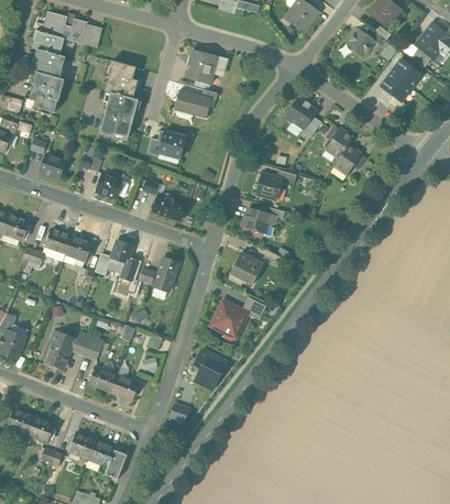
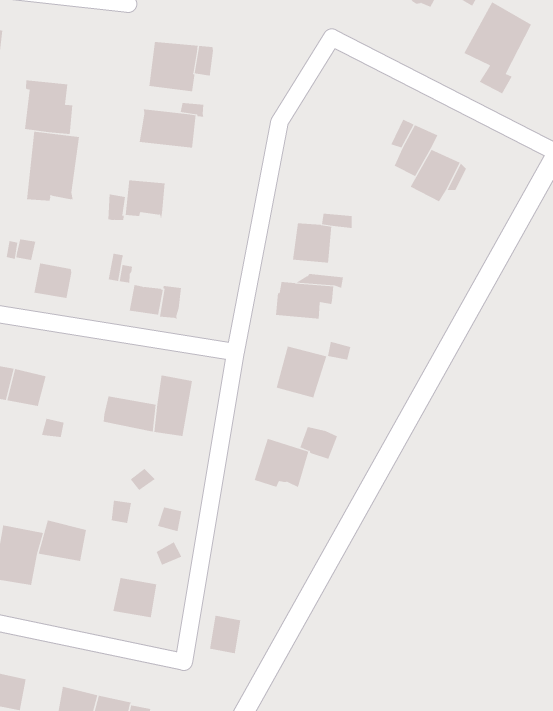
building: [284,99,315,129] -> none
building: [109,238,135,272] -> none
building: [193,348,228,391] -> none
building: [89,363,120,392] -> none

